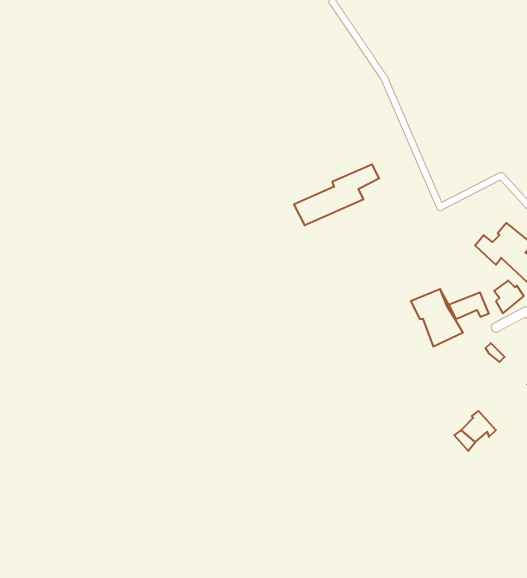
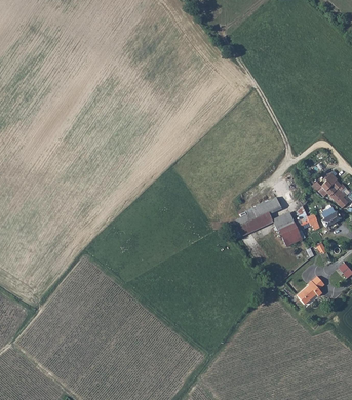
building: [294,164,379,225] -> [230,198,280,234]

